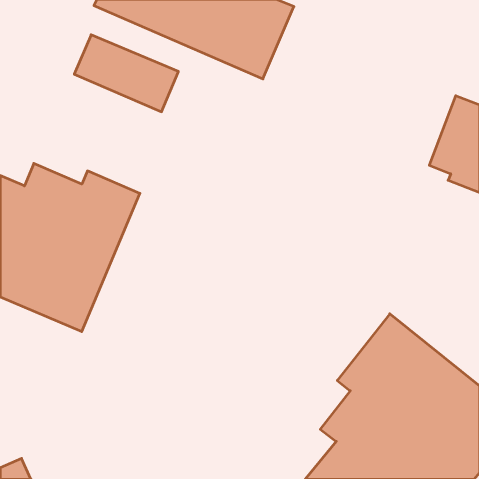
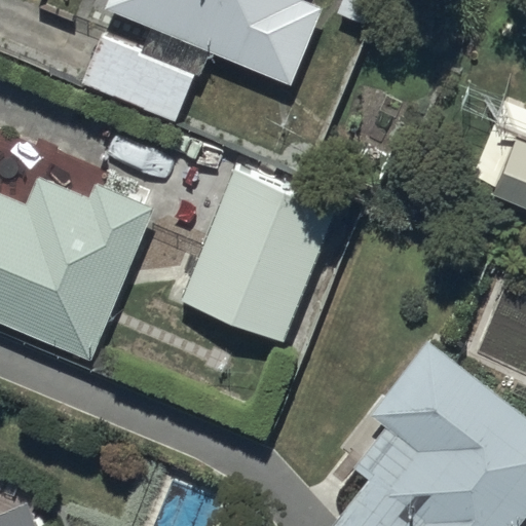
building: none -> [180,170,335,342]

